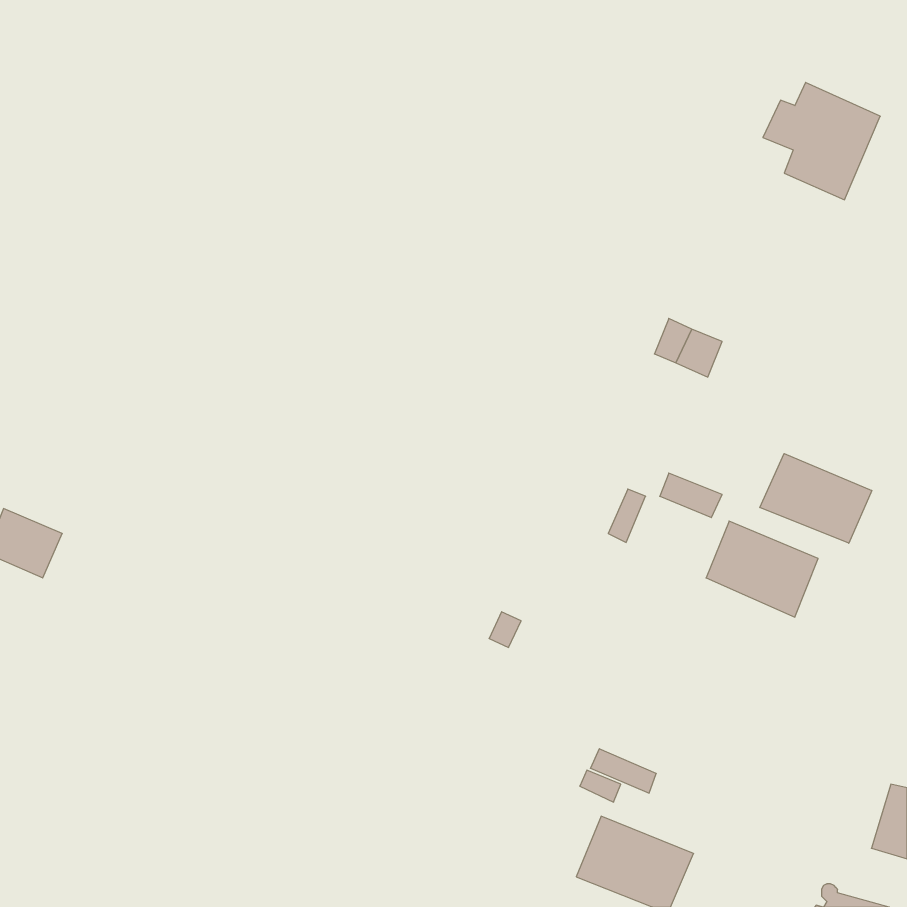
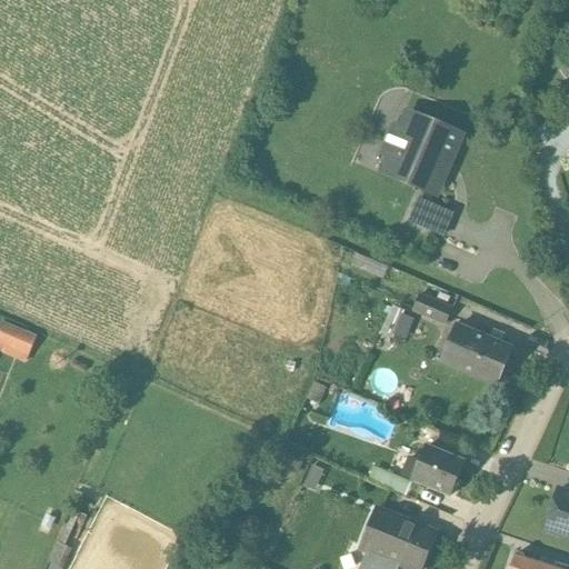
building: [763,82,880,200] -> [382,117,456,190]
building: [760,454,872,543] -> none
building: none -> [411,447,463,496]

